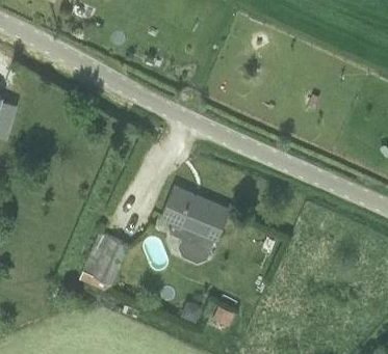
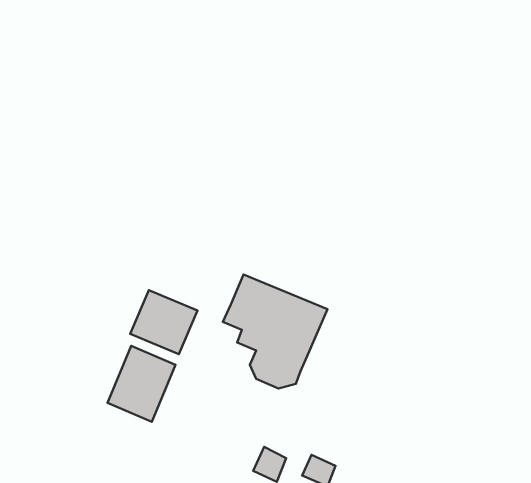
building: none -> [130,290,198,354]

